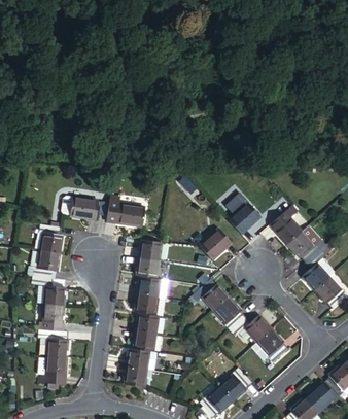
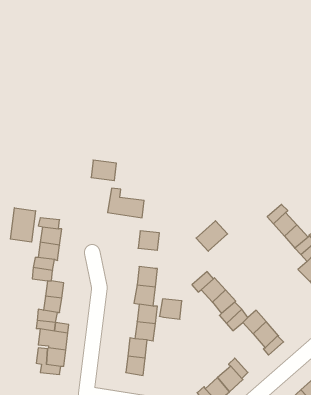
building: [234,198,265,229] -> none
building: [74,199,100,219] -> [91,160,116,181]
building: none -> [10,208,36,242]
building: [137,256,160,277] -> [159,299,182,319]

